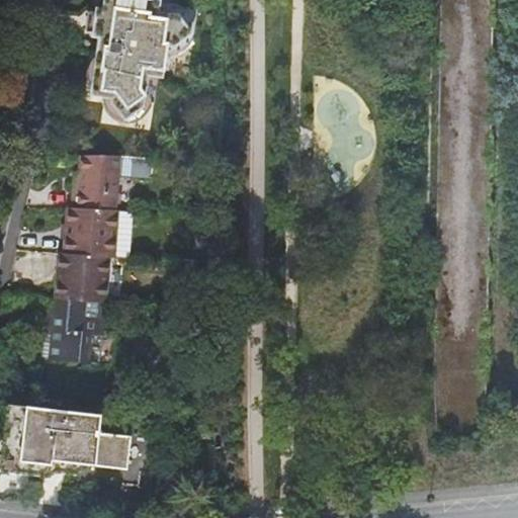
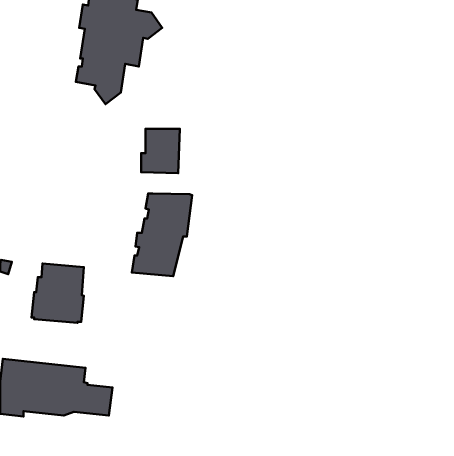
building: [78,154,121,203] -> [141,129,180,173]
building: [55,207,122,300] -> [132,193,192,276]

